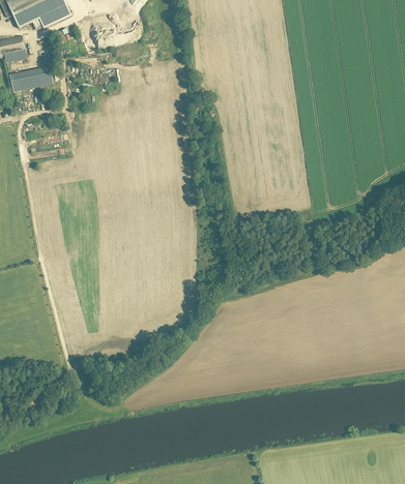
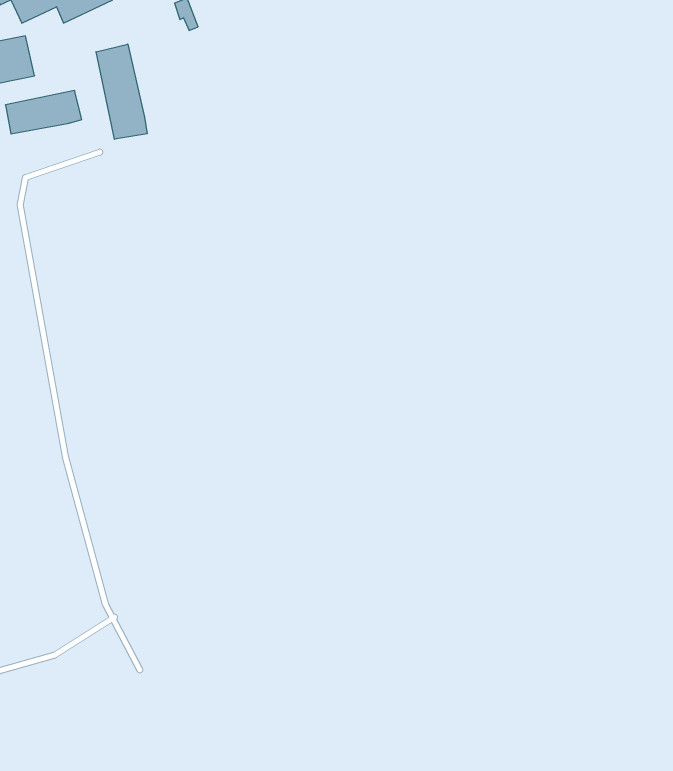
building: none -> [96,44,147,139]

